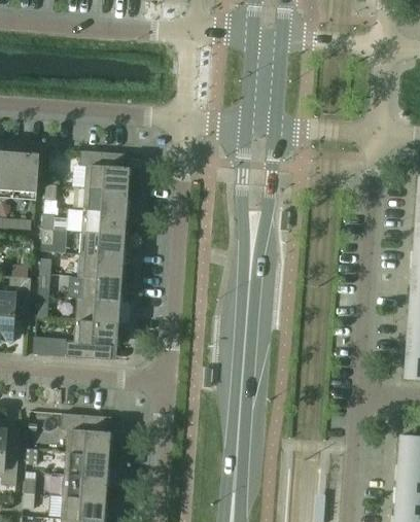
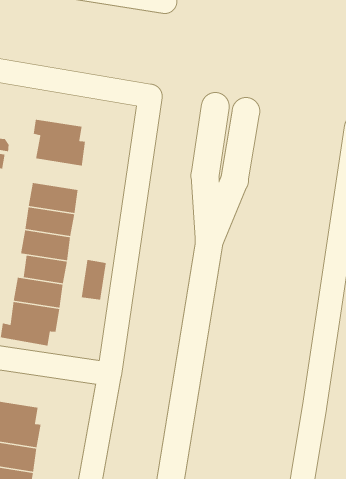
building: [82,187,128,212] -> none
building: none -> [81,254,108,300]

